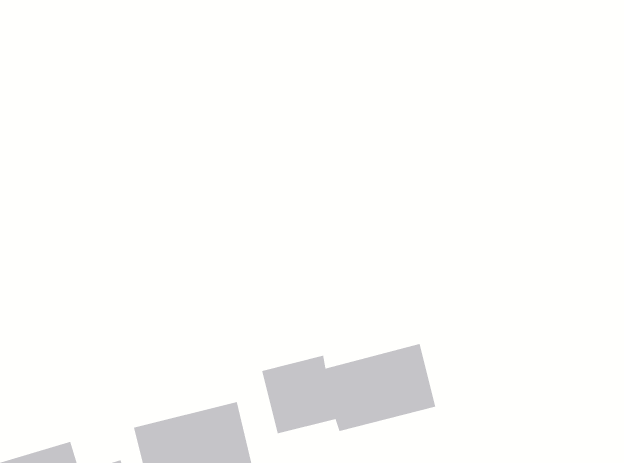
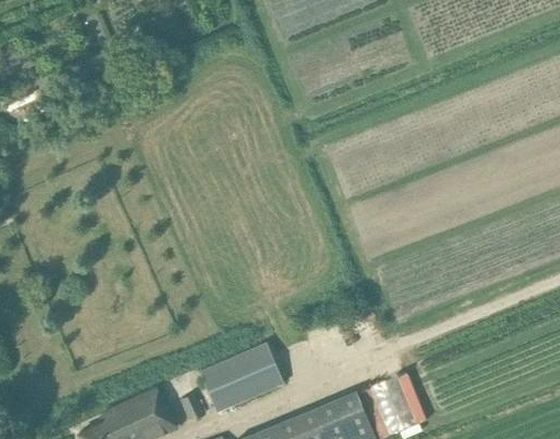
building: [262,343,436,434] -> none

